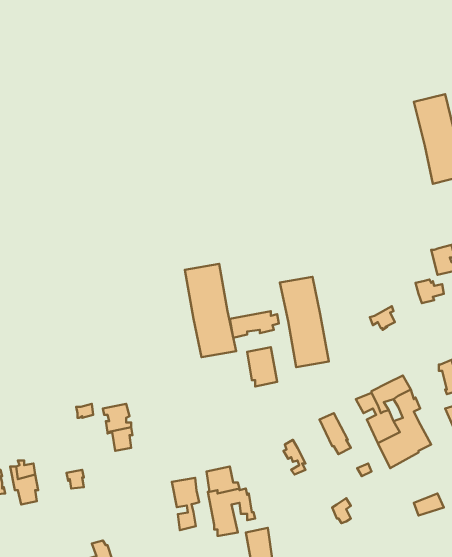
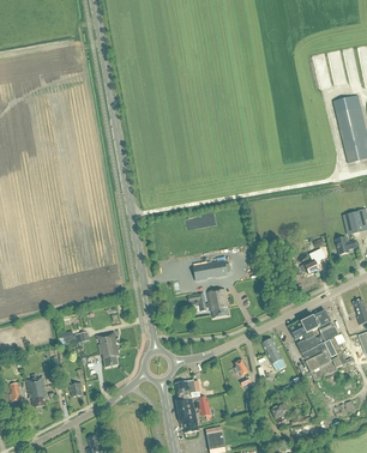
building: [185,264,236,357] -> none
building: [280,277,329,367] -> none
building: [172,478,199,530] -> none

